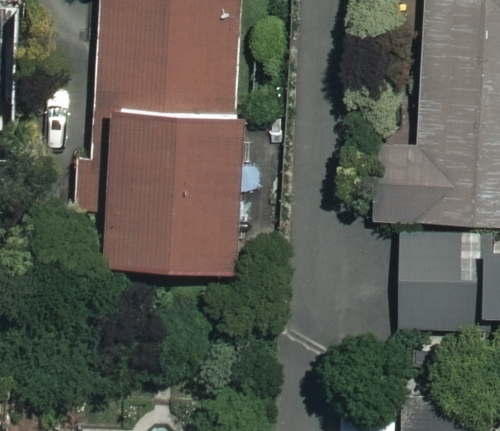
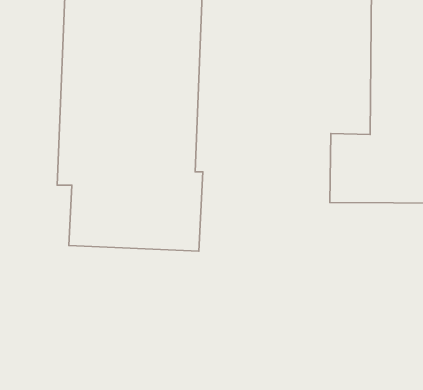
building: [398,234,461,330] -> none

